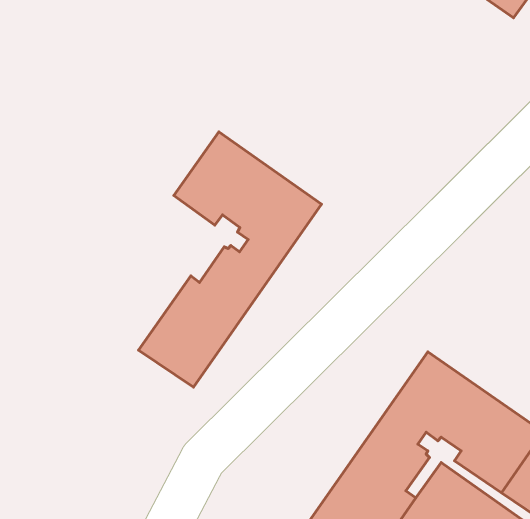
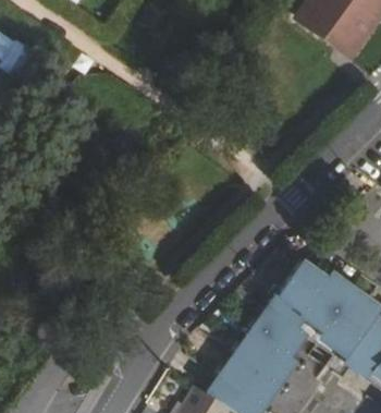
building: [138,132,322,387] -> none

